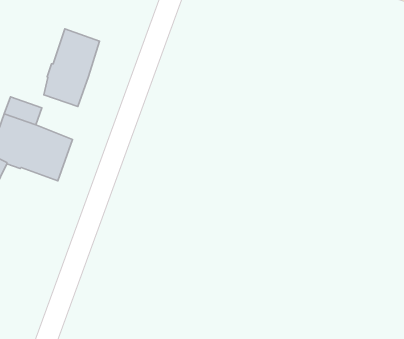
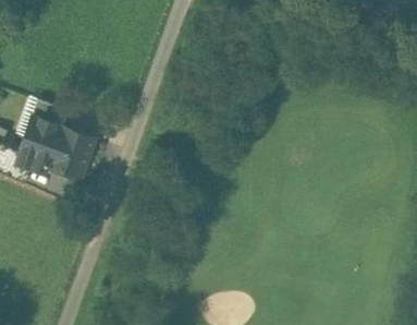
building: [44,29,99,106] -> none

